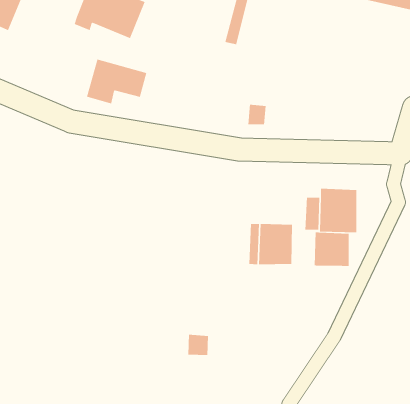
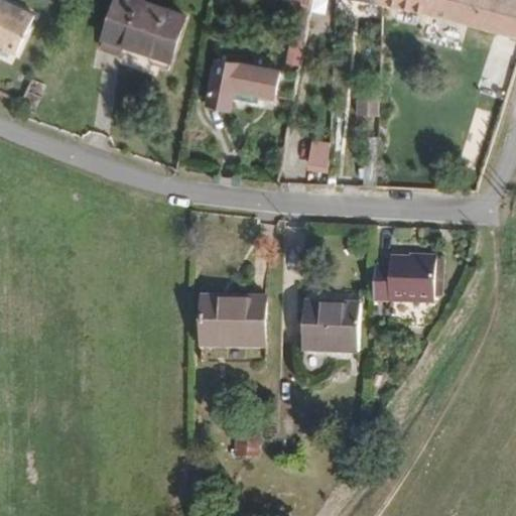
building: [86,59,147,104] -> [203,59,277,115]
building: none -> [202,286,263,340]
building: [314,232,349,267] -> none

